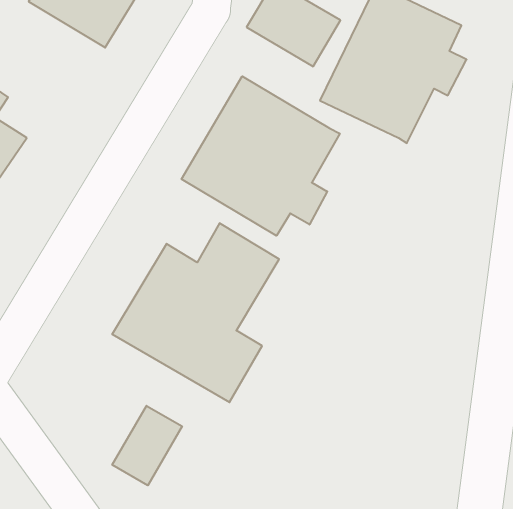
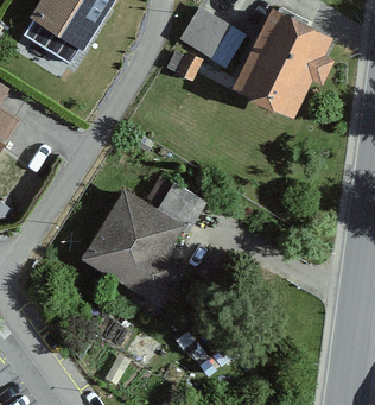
building: [182,76,340,236] -> none
building: [112,406,182,485] -> none

